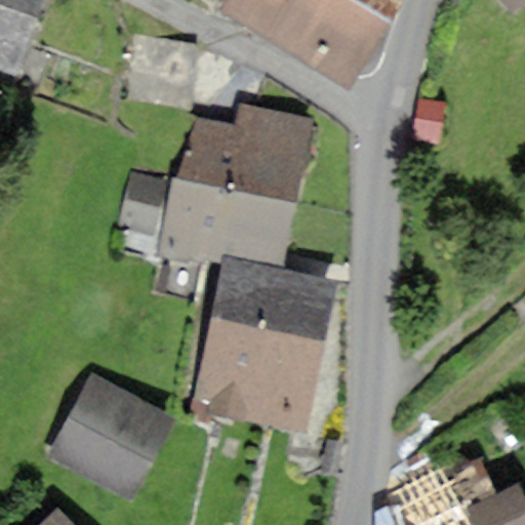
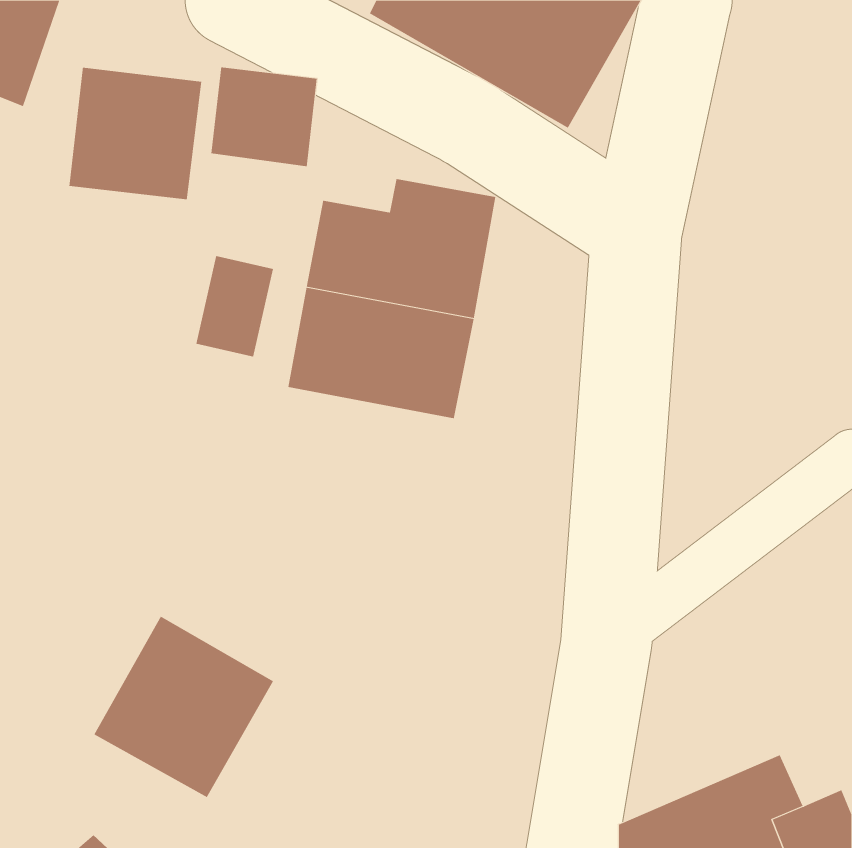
building: none -> [69,67,202,200]
building: [199,271,328,421] -> none

